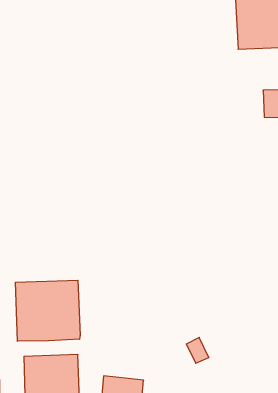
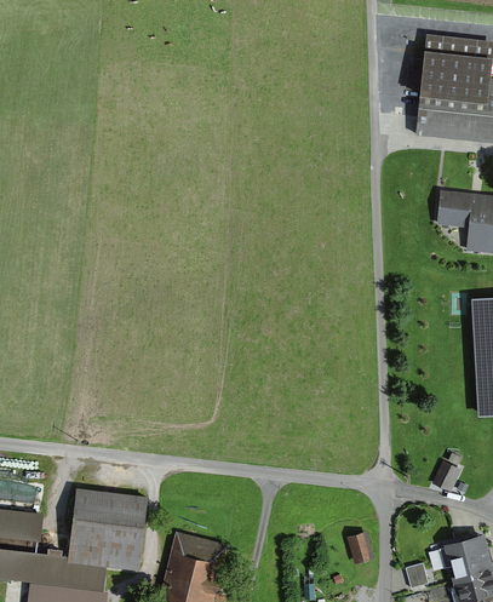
building: [16,280,80,341] -> none
building: [186,337,209,363] -> [346,529,373,562]

